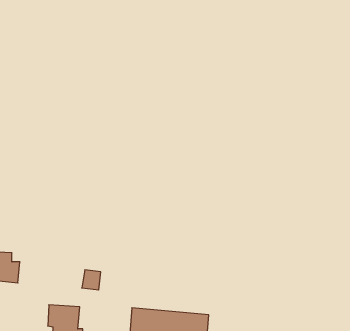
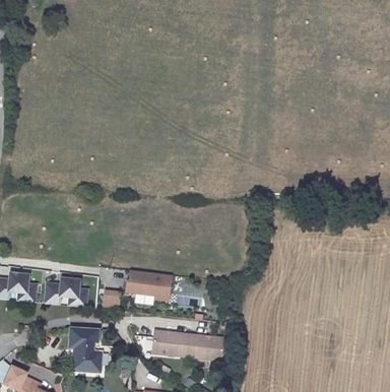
building: none -> [127,270,172,301]
building: none -> [45,276,89,308]

